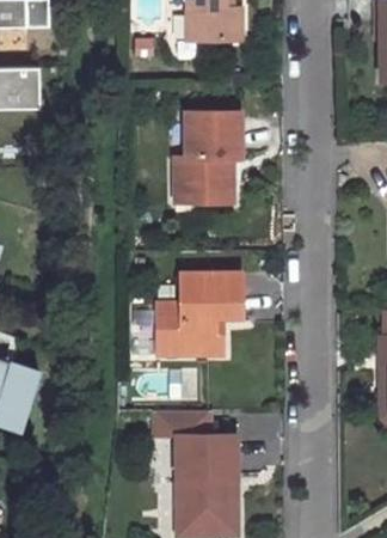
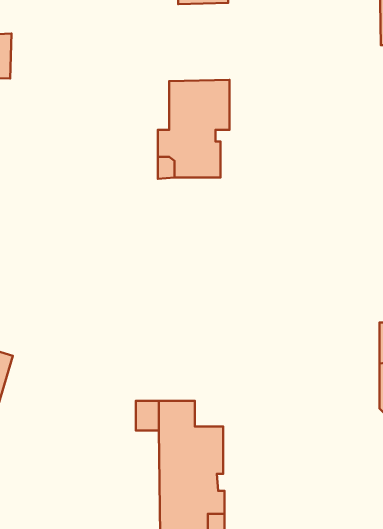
building: [156,271,241,353] -> none

